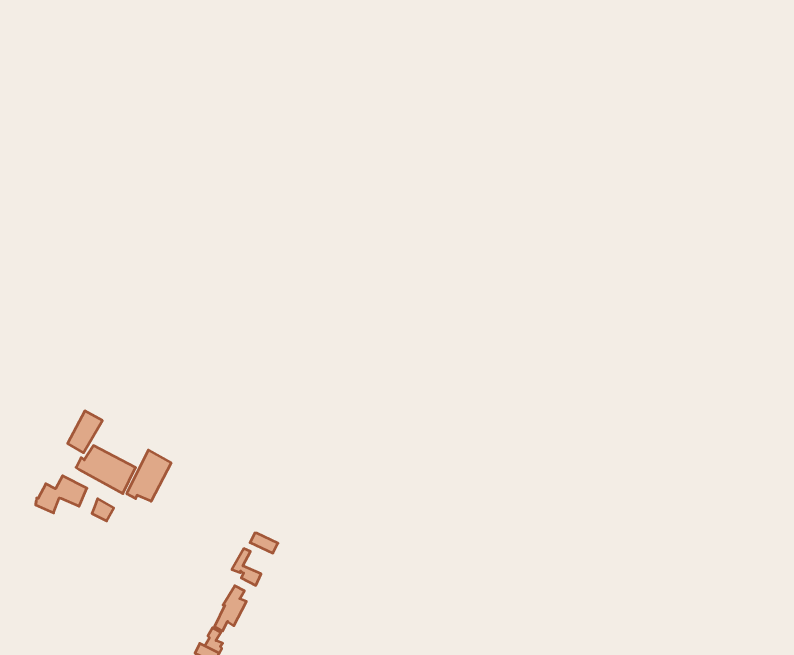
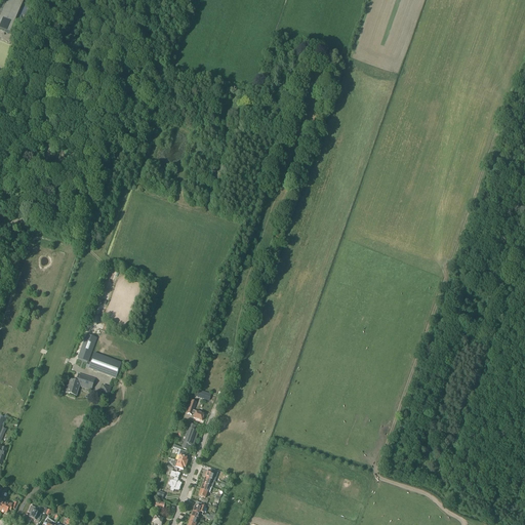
building: [127,450,171,501] -> none

